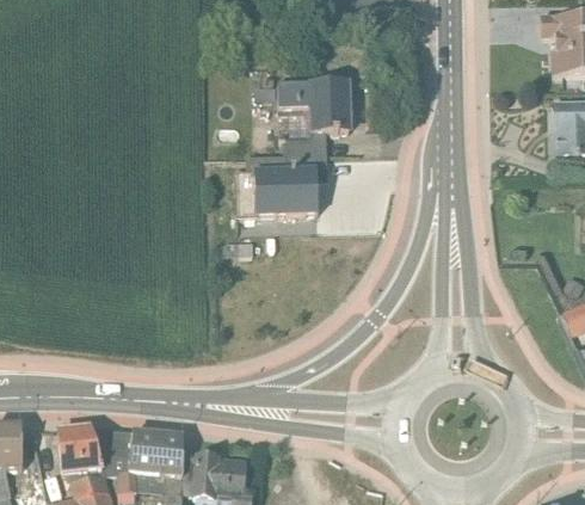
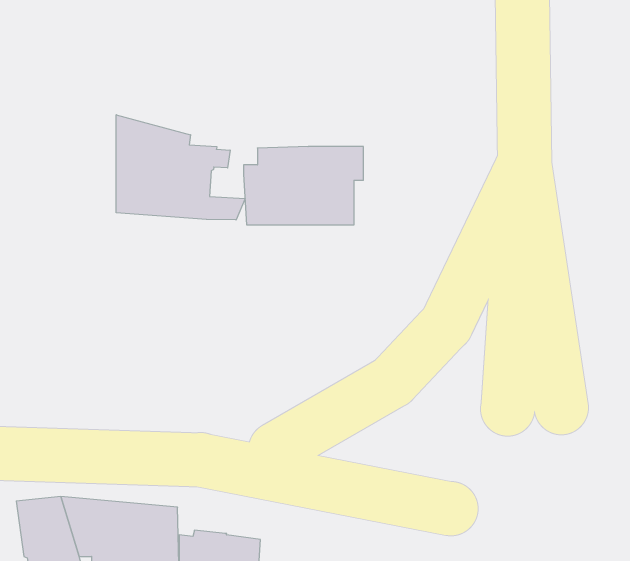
building: [277,80,353,154] -> none
building: none -> [116,115,245,220]

